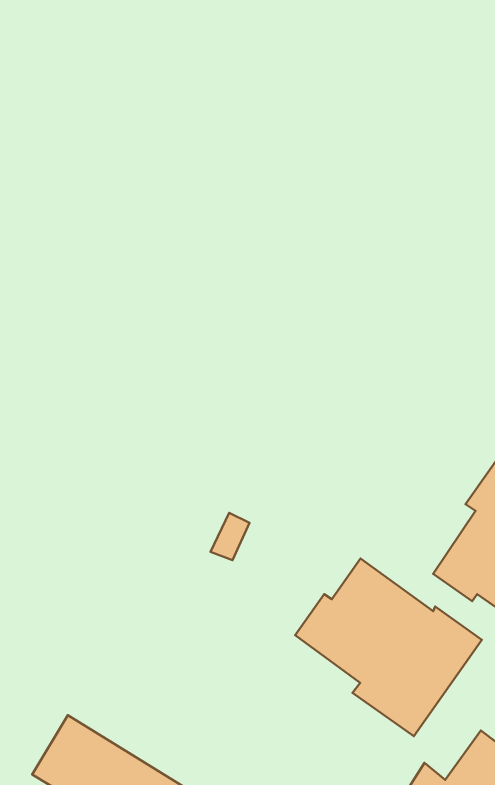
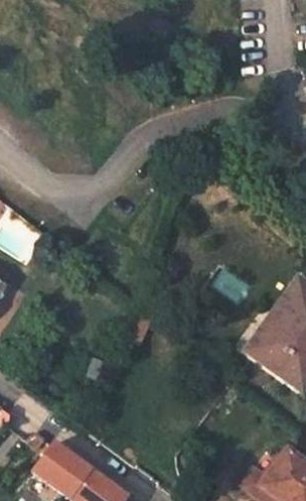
building: [295,559,482,736] -> none

